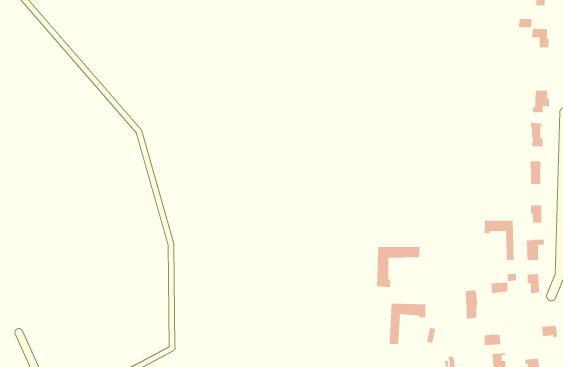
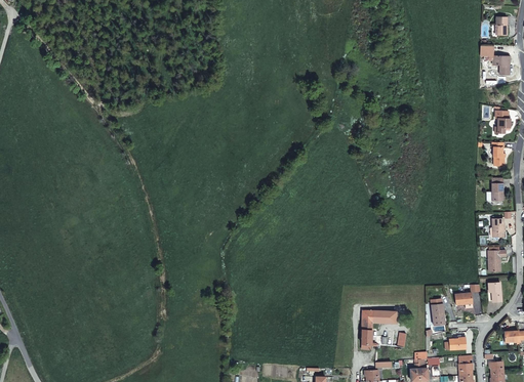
building: [484,220,514,261] -> none
building: [376,246,420,288] -> none

